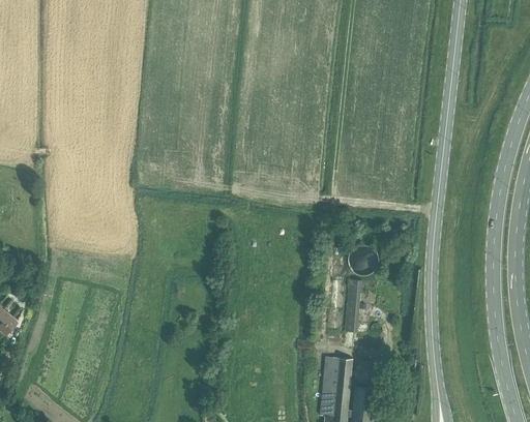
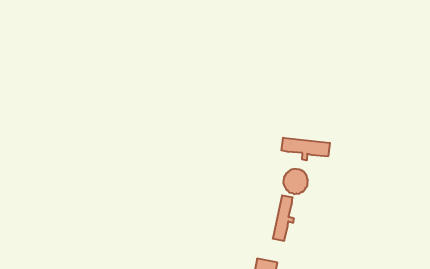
building: none -> [281,138,330,160]

